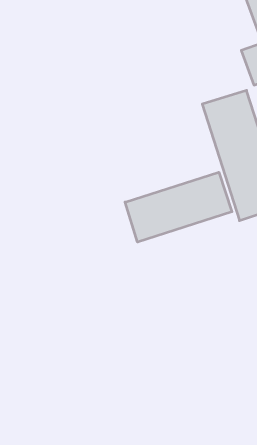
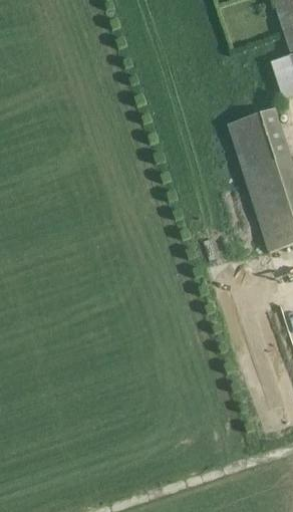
building: [125,172,232,242] -> none

